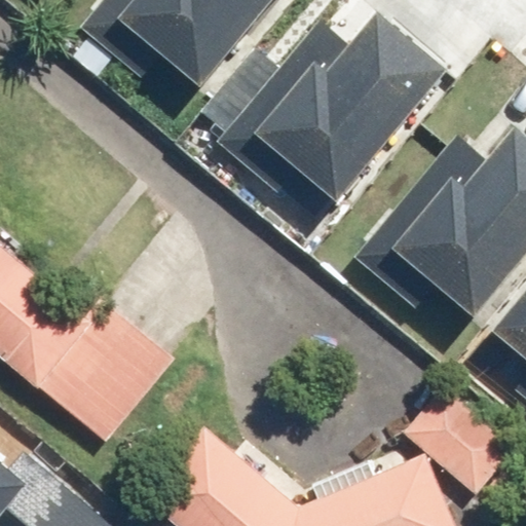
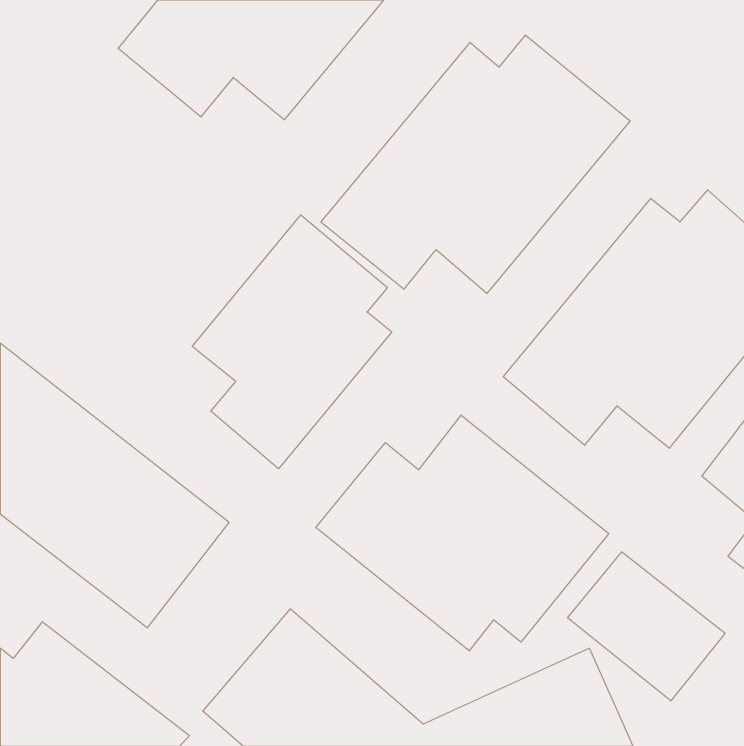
building: none -> [192,215,392,469]
building: none -> [316,415,609,651]

